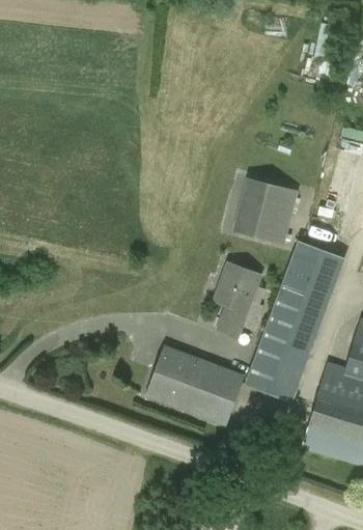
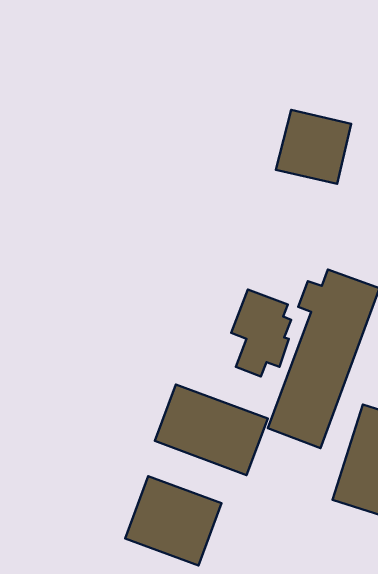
building: [231,176,298,242] -> [276,110,351,184]
building: none -> [125,476,221,566]

